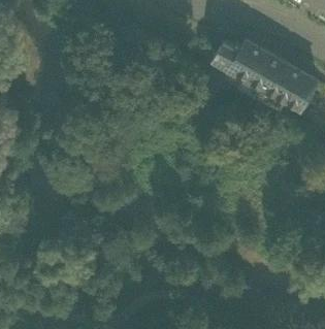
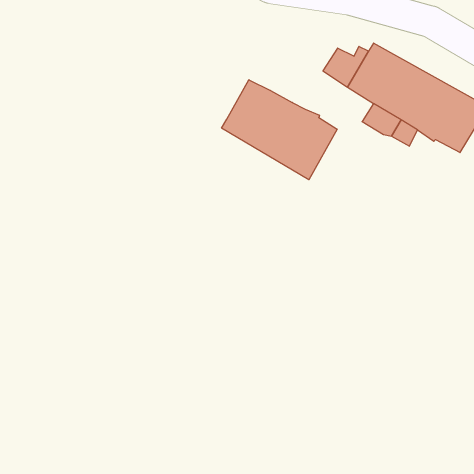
building: none -> [222,80,337,180]

